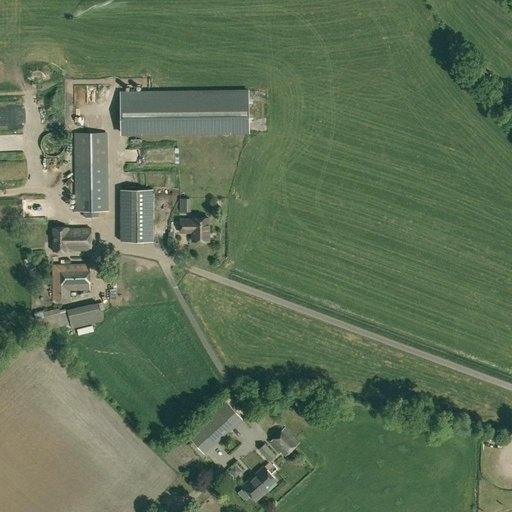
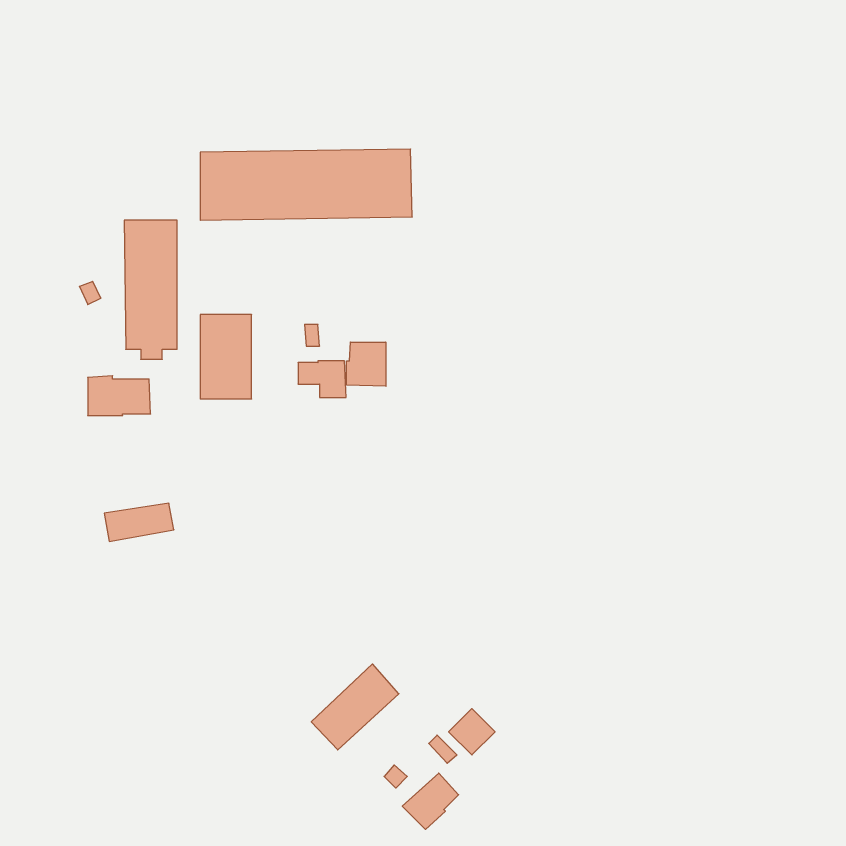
building: none -> [347,342,386,386]
building: [52,263,90,299] -> none

